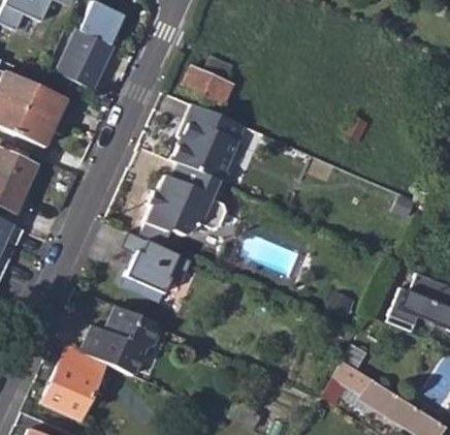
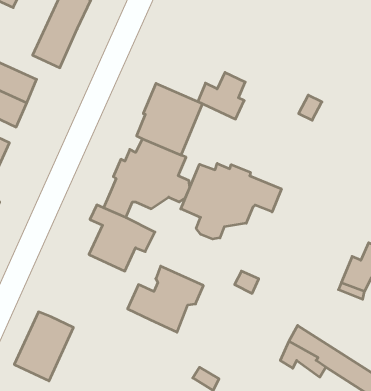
building: [184,55,234,104] -> [198,72,245,119]
building: none -> [181,163,281,239]
building: [81,305,161,375] -> [128,266,203,332]

